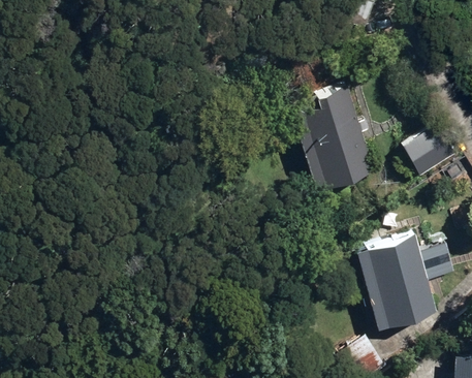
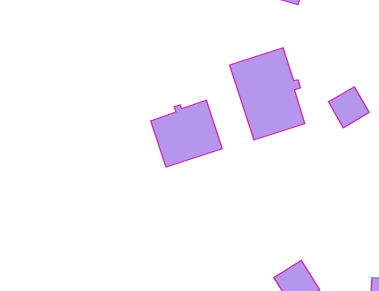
building: none -> [151,100,222,167]
building: [355,237,438,332] -> none

